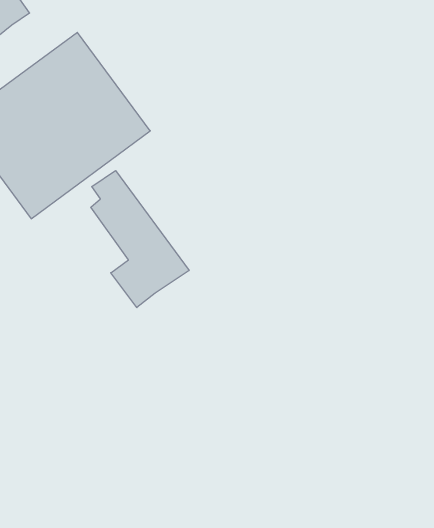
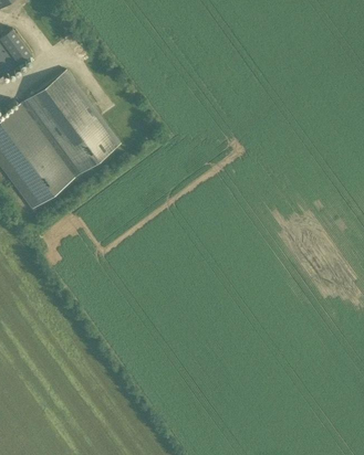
building: [91,171,189,308] -> none

